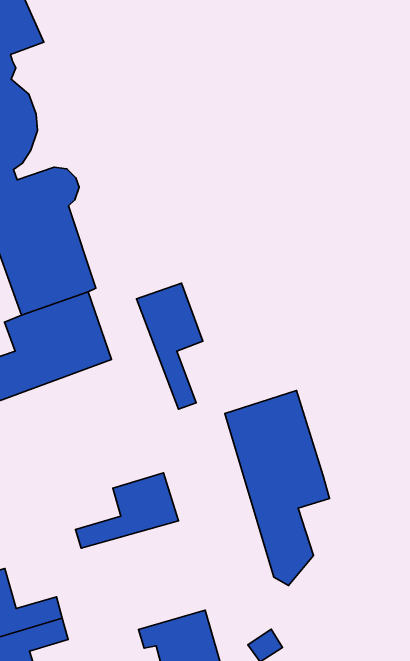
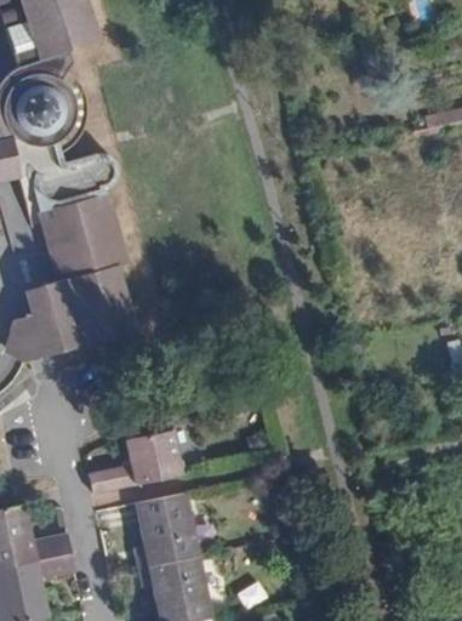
building: [136,283,203,409] -> none
building: [225,390,329,586] -> none
building: none -> [133,492,198,569]

